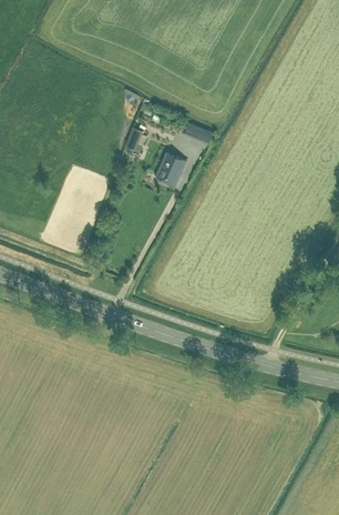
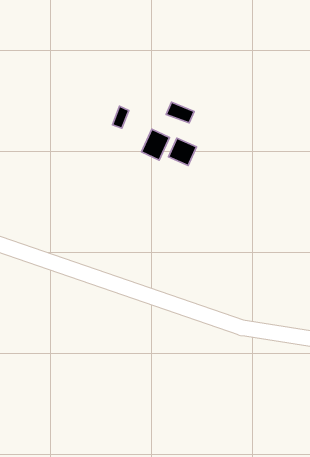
building: none -> [169,138,196,166]

